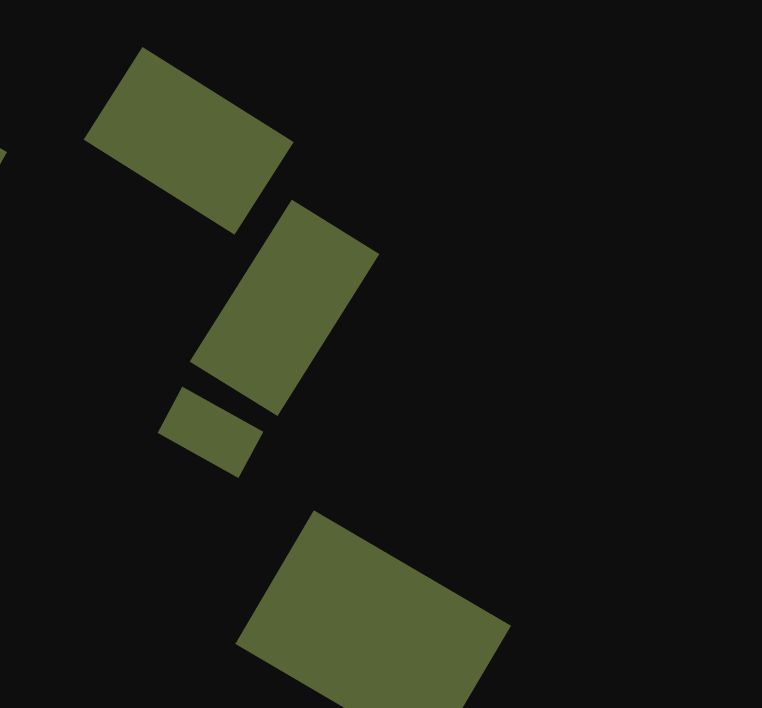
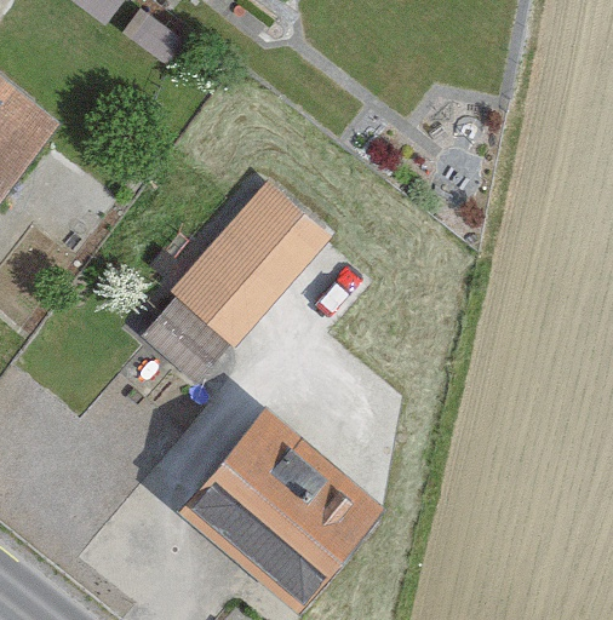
building: [82,46,295,236] -> none

